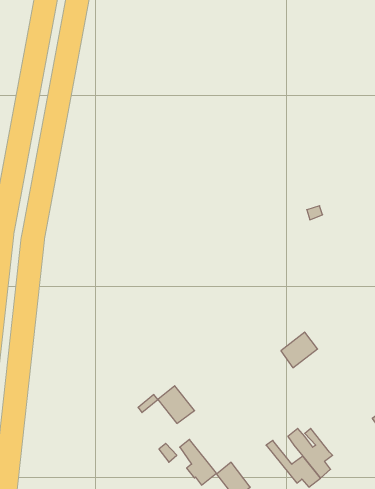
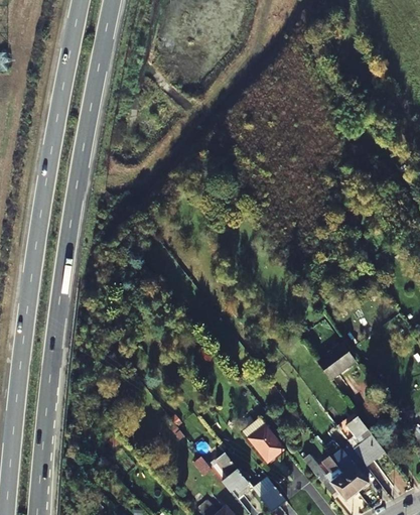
building: [158,386,195,423] -> [250,427,287,466]
building: none -> [336,416,384,466]

